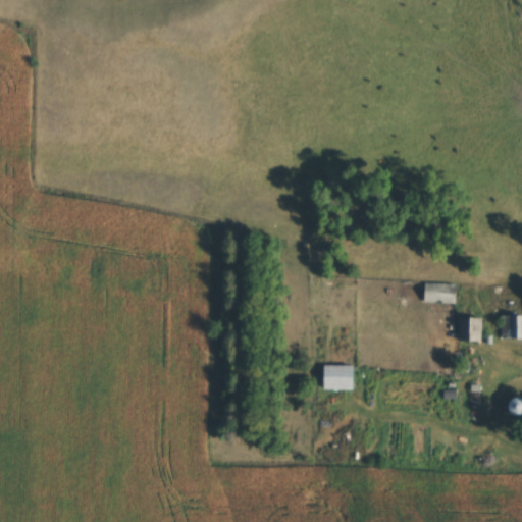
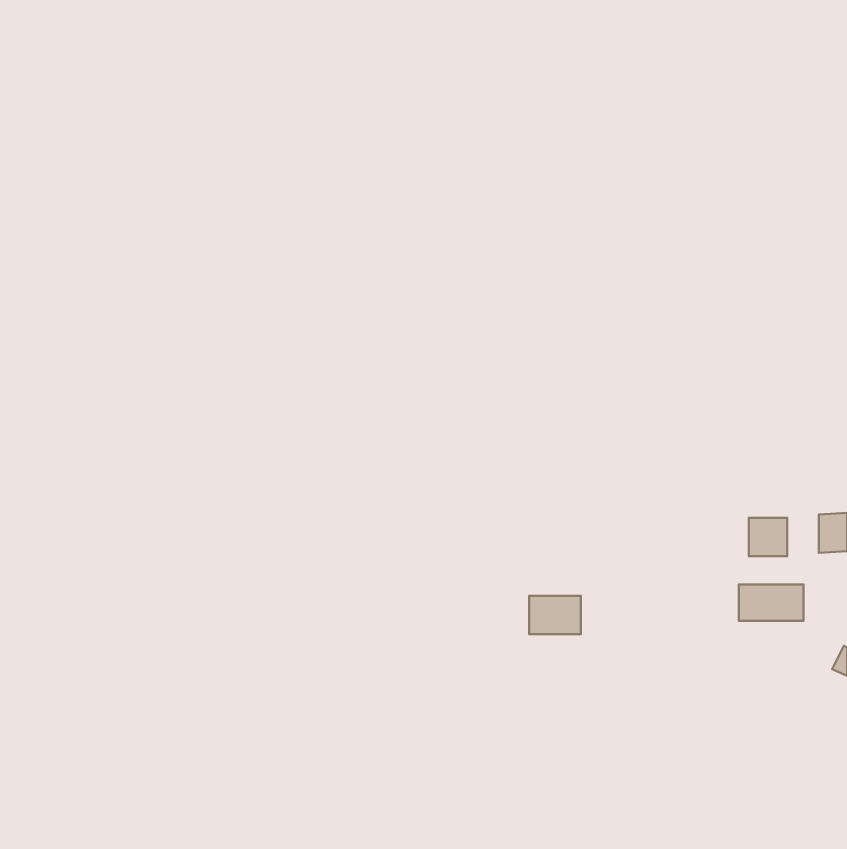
building: [424,283,459,304] -> none
building: none -> [739,584,804,621]

